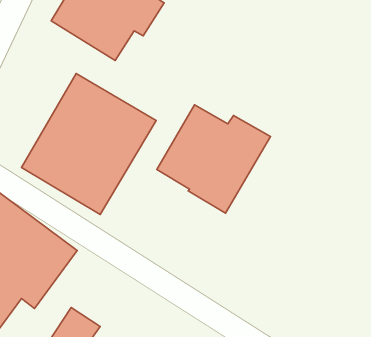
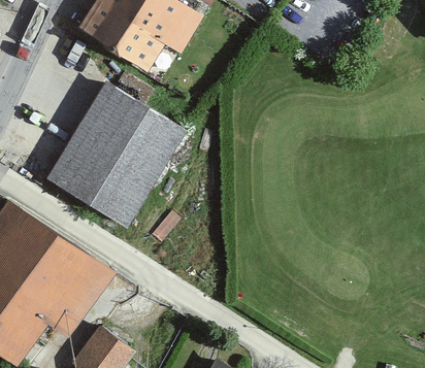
building: [157,105,270,213] -> none

